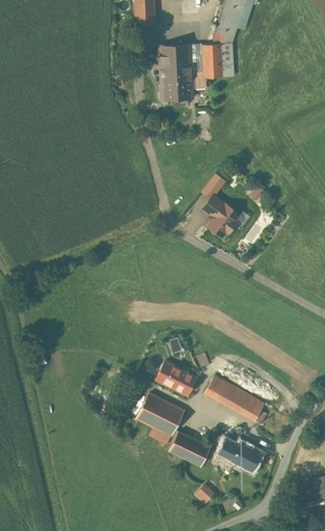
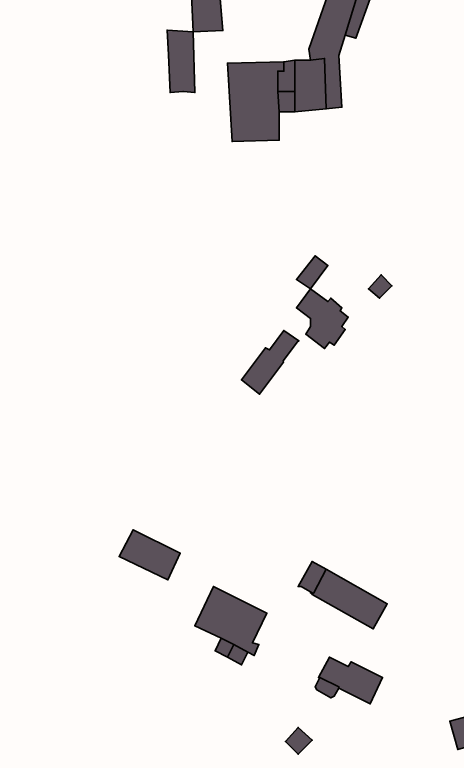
building: none -> [167,30,195,93]
building: none -> [242,331,299,394]
building: [156,362,196,395] -> [119,530,180,580]
building: [169,431,210,467] -> none

